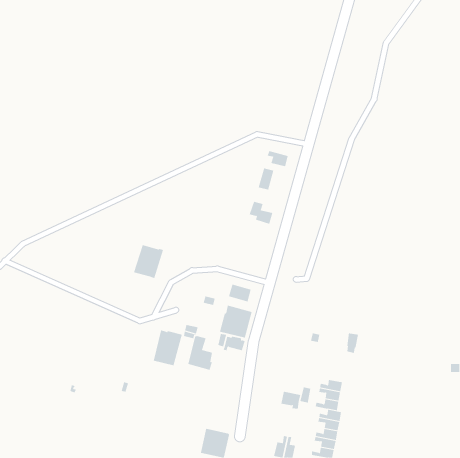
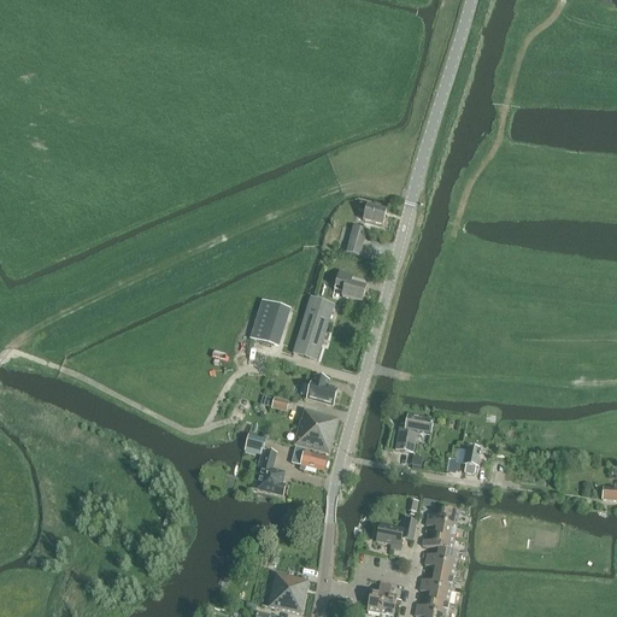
building: none -> [293,295,333,358]
building: [133,245,164,279] -> [248,300,289,346]
building: none -> [394,415,433,451]
building: [153,330,183,366] -> none

